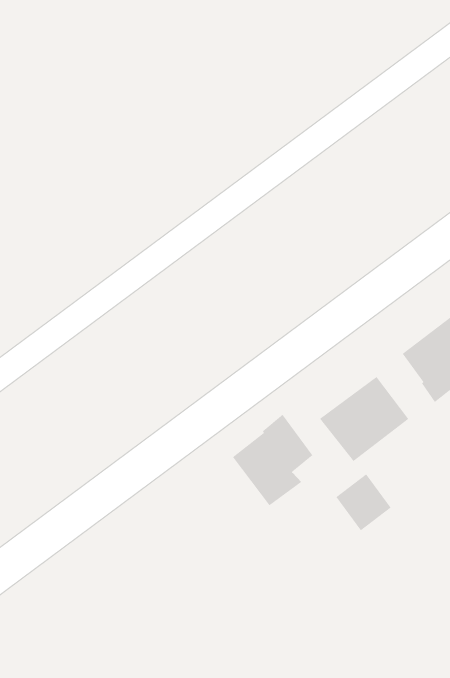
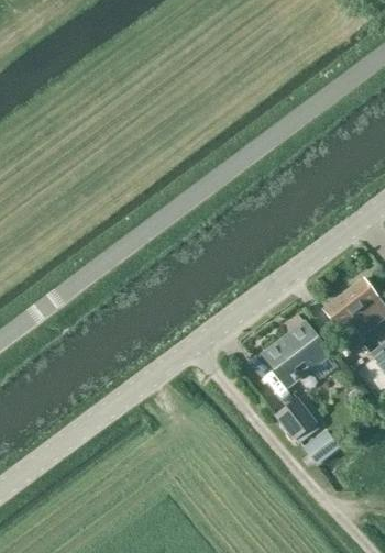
building: [232,414,313,506] -> none
building: none -> [300,427,338,464]

